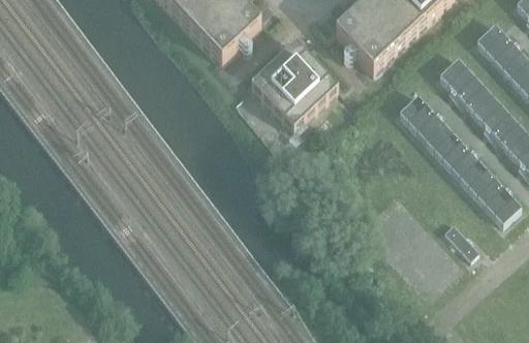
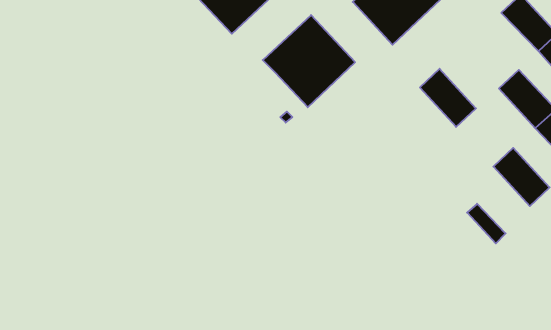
building: [436,55,490,110] -> none
building: [431,128,485,183] -> none

